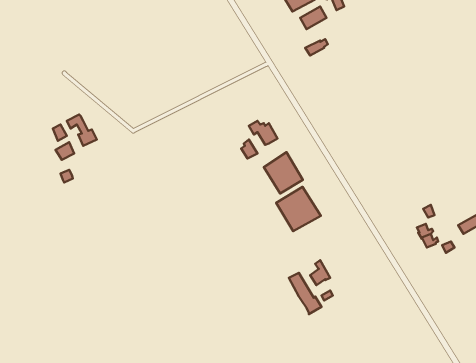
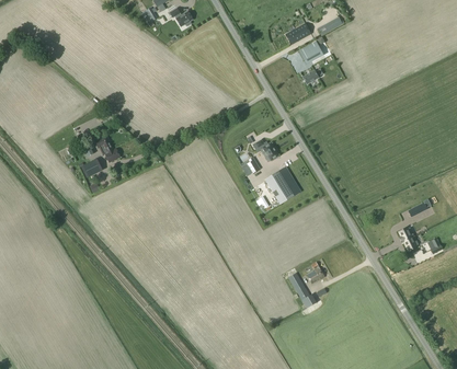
building: [276,187,321,231] -> none

